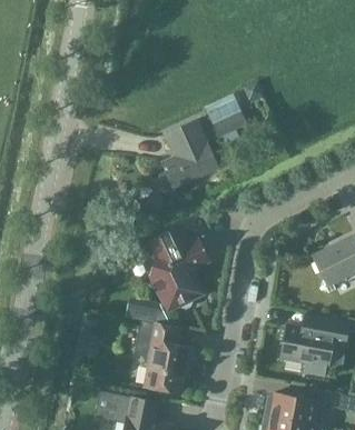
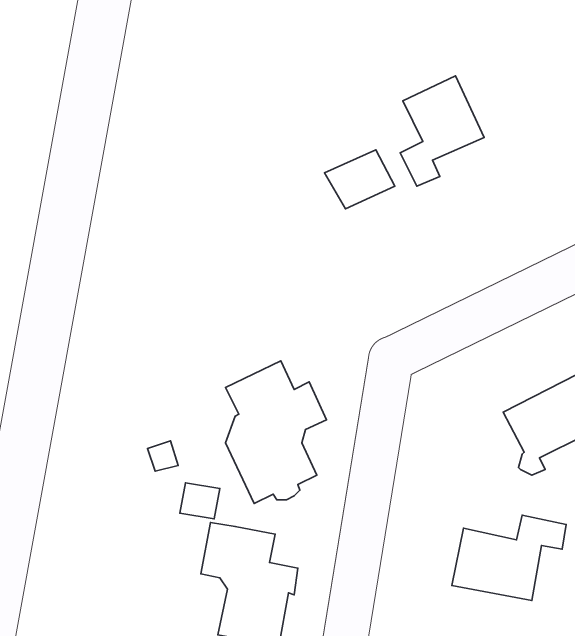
building: none -> [400,76,484,186]
building: [160,121,217,190] -> none

